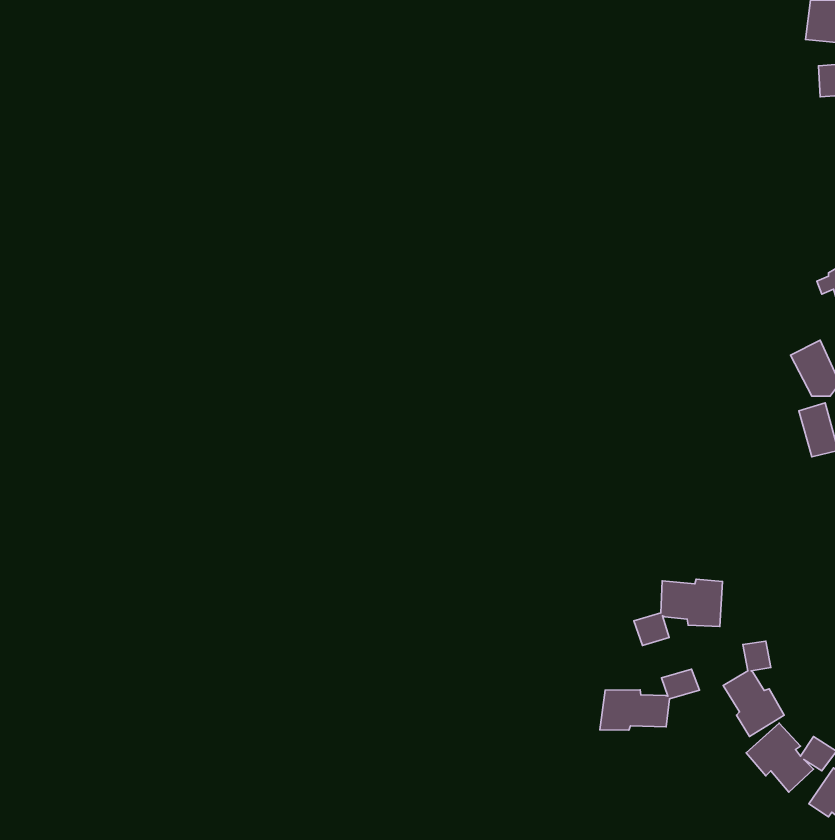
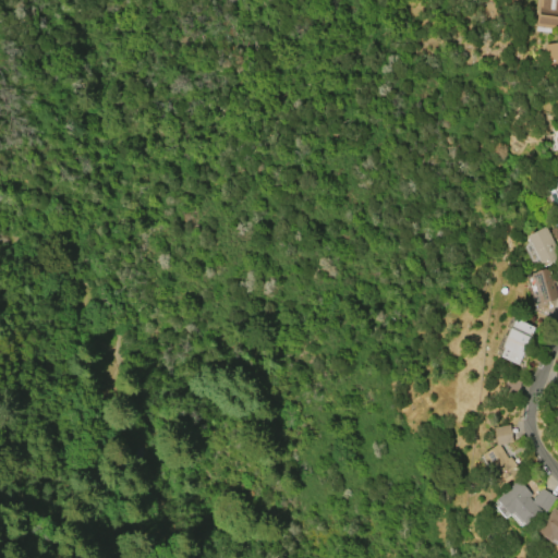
building: none -> [500,317,536,365]
building: [634,579,722,646] -> none
building: [600,669,699,730] -> none

